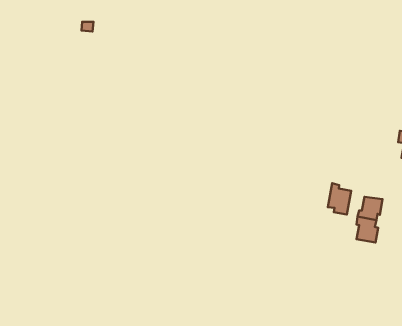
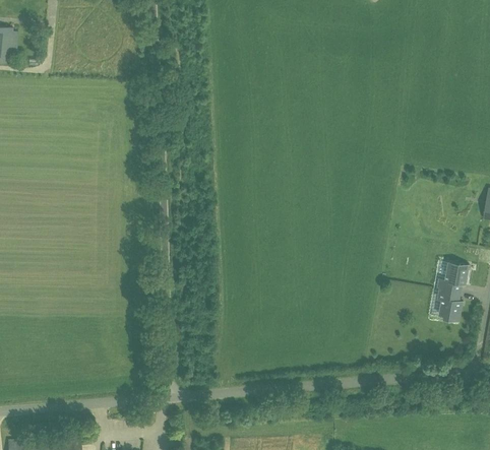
building: [328,183,351,215] -> none

